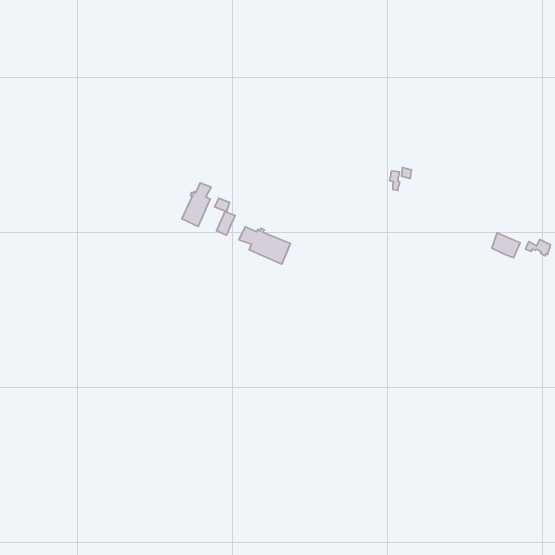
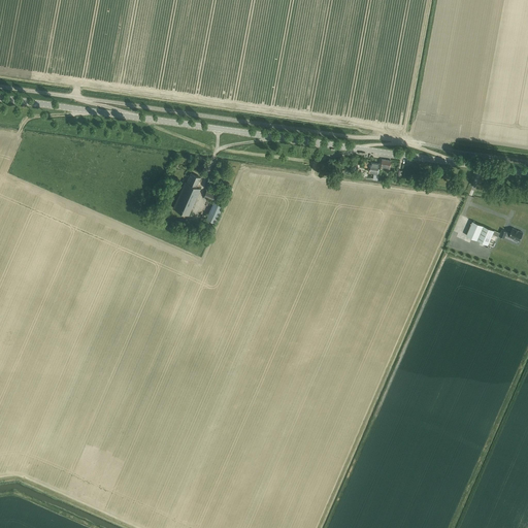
building: [239,227,291,264] -> none

